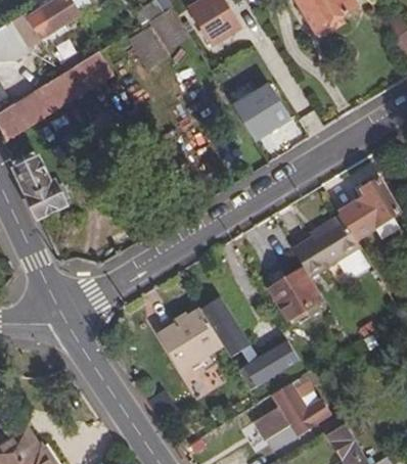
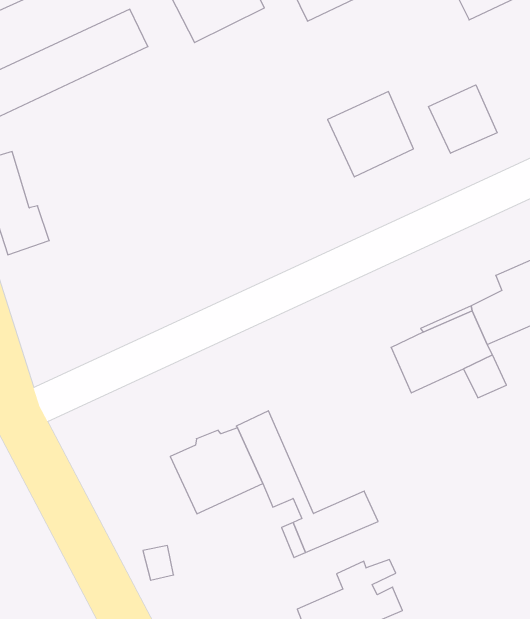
building: none -> [428,85,497,153]
building: [270,271,319,323] -> none

